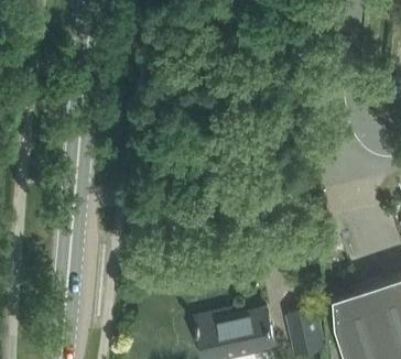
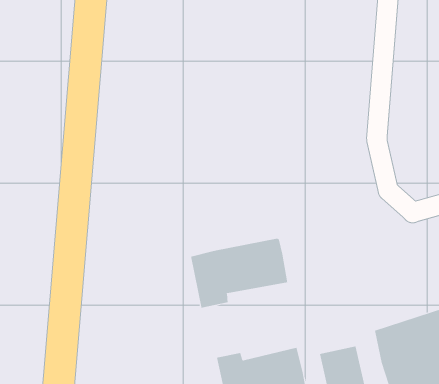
building: none -> [190,238,288,308]

